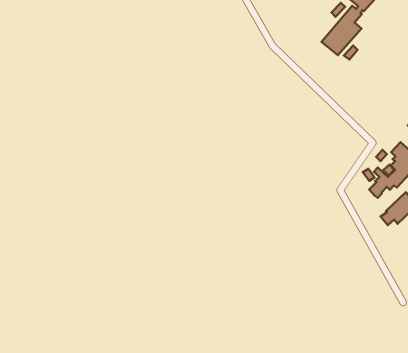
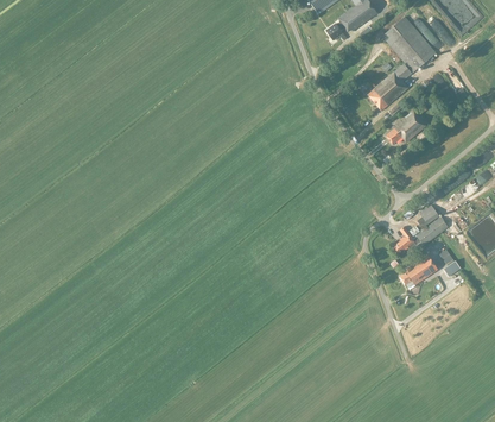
building: none -> [386,111,426,145]

